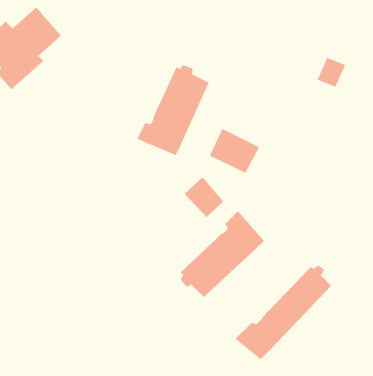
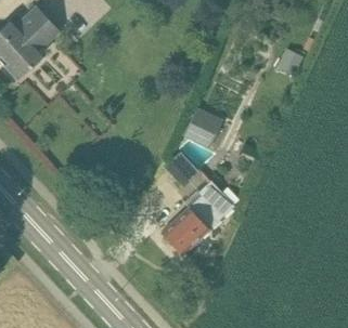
building: [137,64,210,156] -> none
building: [235,265,332,360] -> none

